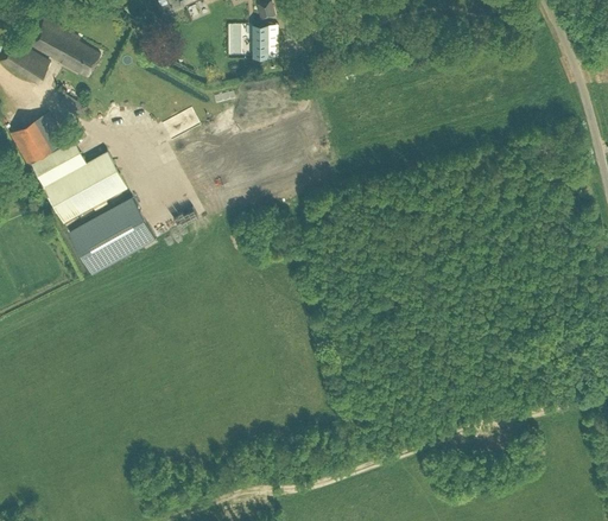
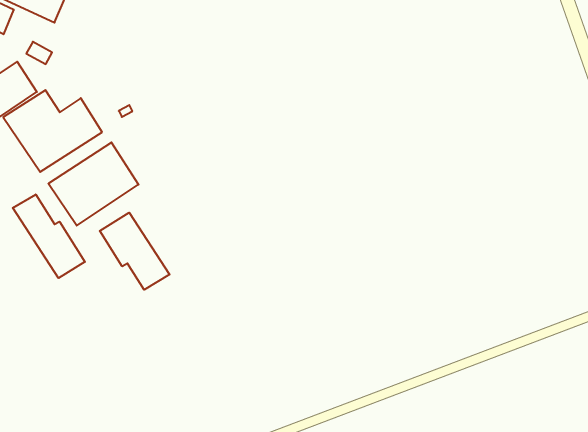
building: none -> [13,194,85,278]
building: none -> [100,213,170,290]

